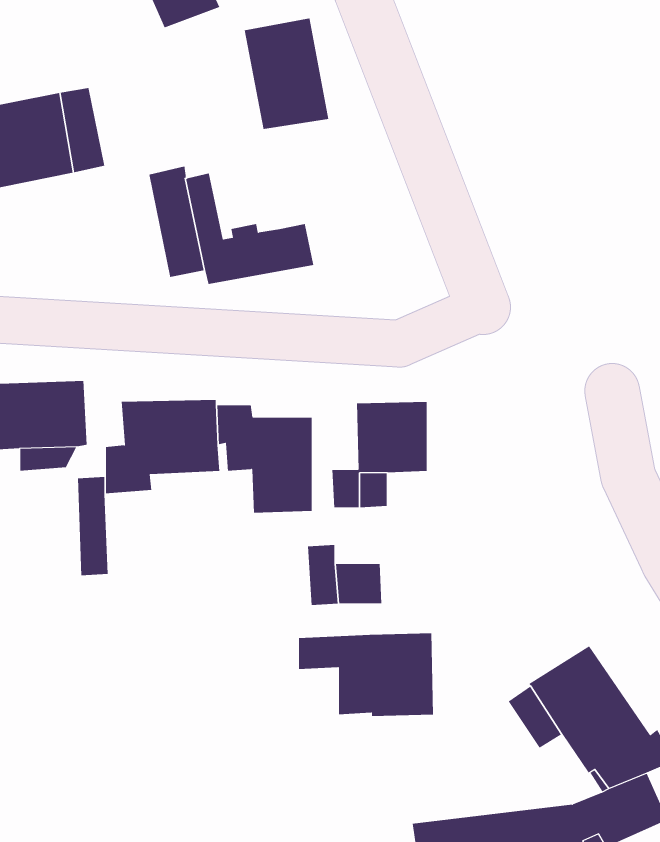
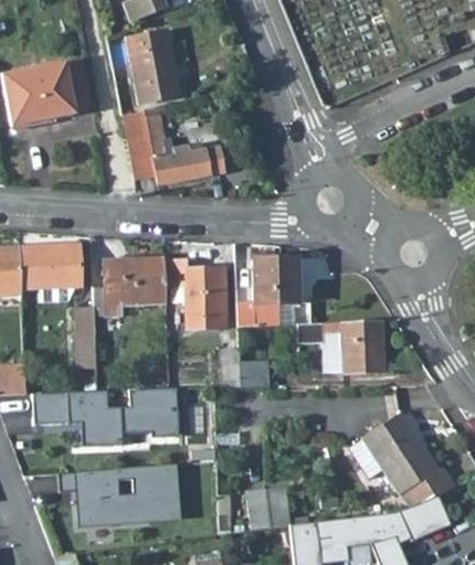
building: [244,18,329,130] -> [126,32,180,103]
building: none -> [33,388,178,447]
building: [298,633,434,716] -> [298,320,384,373]
building: none -> [59,463,178,524]
building: none -> [247,489,288,530]

